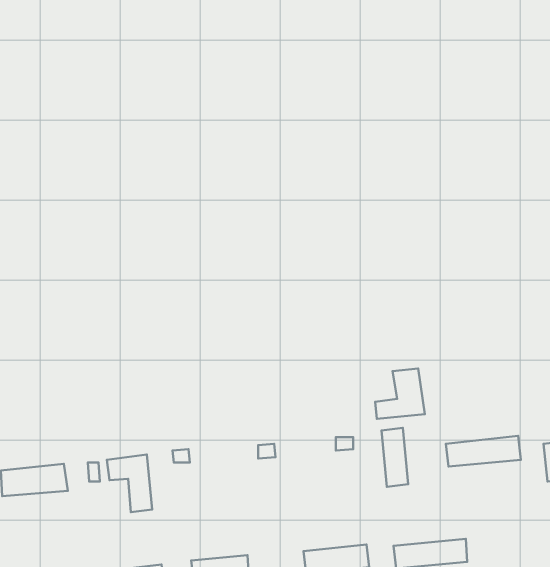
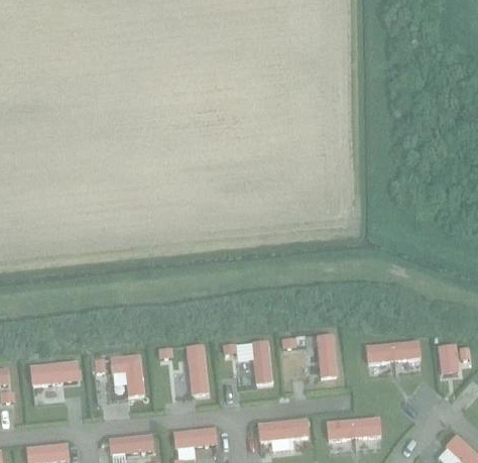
building: [375,368,425,419] -> none
building: none -> [252,341,272,386]
building: none -> [187,343,210,394]

